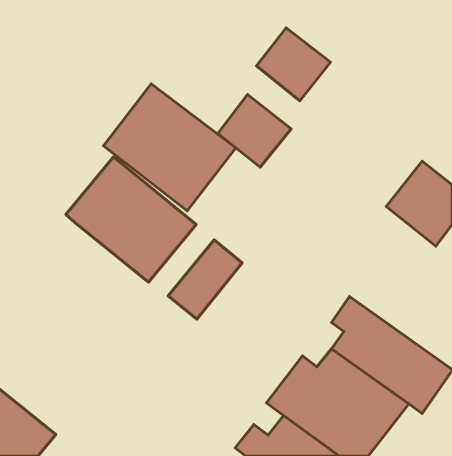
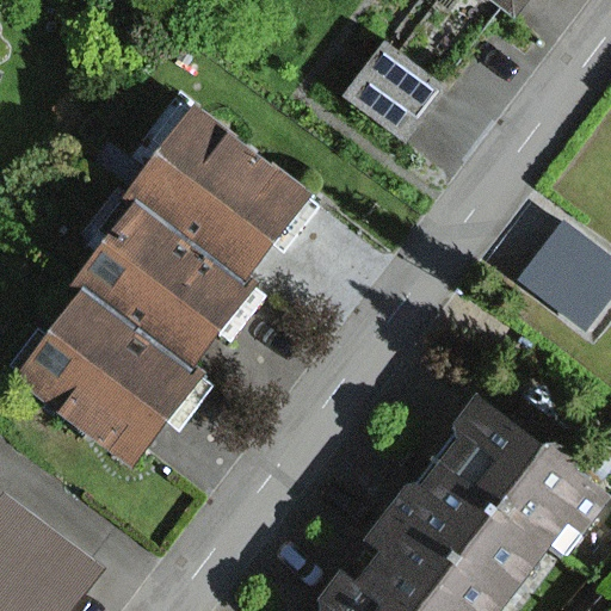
building: [218,94,291,167] -> none
building: none -> [21,295,203,474]
building: [168,240,242,319] -> none

